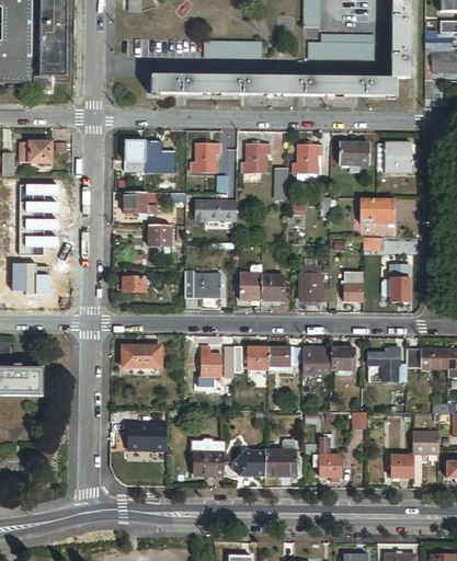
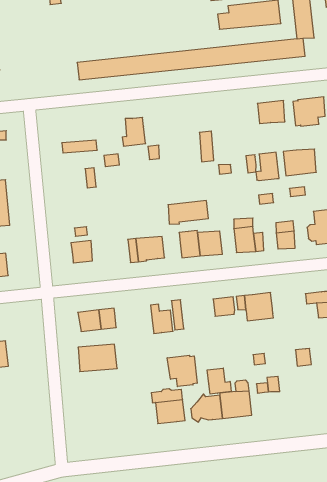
building: [203,41,262,57] -> none
building: [125,139,162,162] -> none
building: [241,144,265,173] -> none
building: [293,145,317,173] -> [256,152,279,181]
building: [124,192,147,213] -> none
building: [193,199,236,221] -> [168,201,208,224]
building: [148,225,171,245] -> none
building: [248,346,269,369] -> none
building: [331,347,355,370] -> none
building: none -> [167,355,197,387]
building: none -> [207,368,231,394]
building: [127,423,168,450] -> [78,344,117,372]
building: [319,454,341,477] -> none

